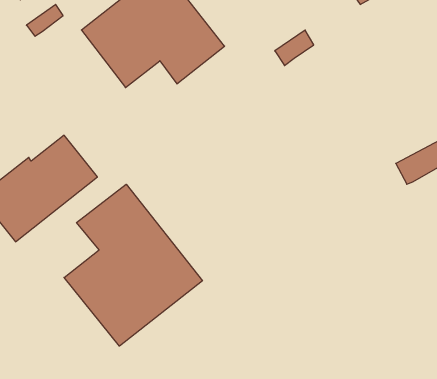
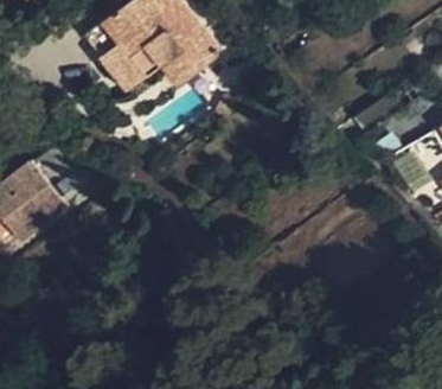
building: [64,184,202,346] -> none

